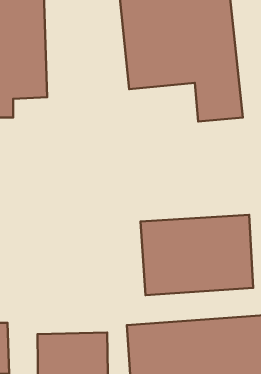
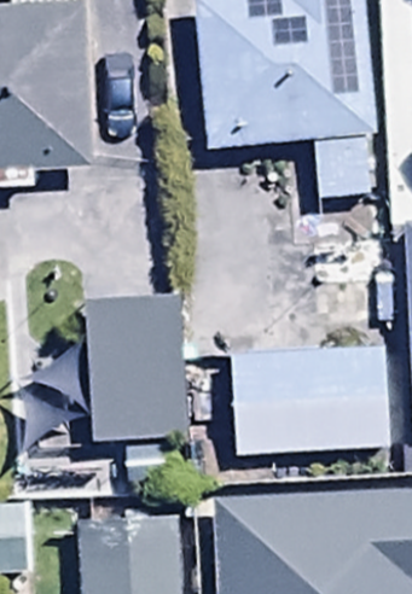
building: none -> [80,292,191,447]

